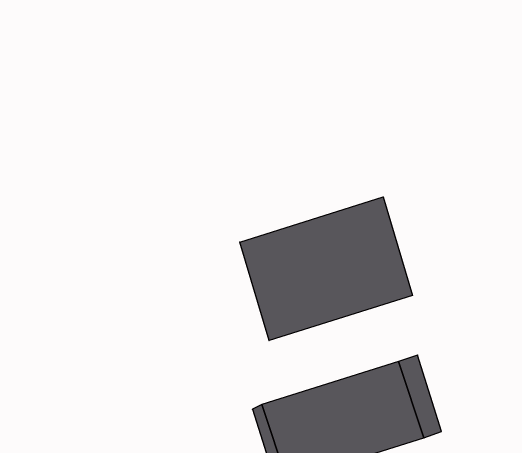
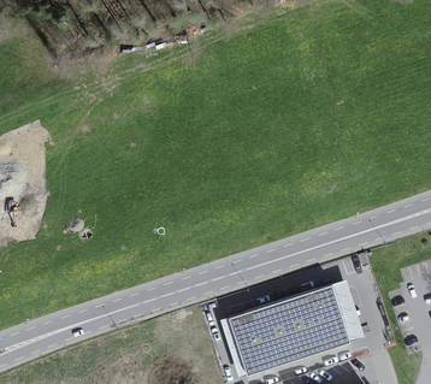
building: [240,197,413,341] -> none

